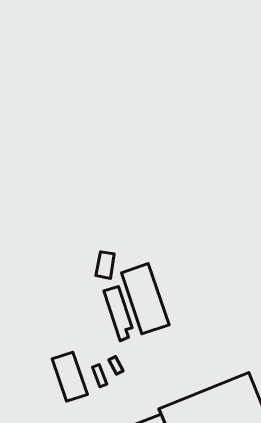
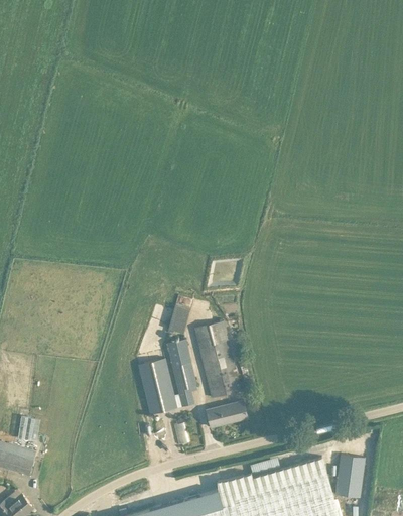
building: none -> [202,399,250,433]
building: [52,352,87,401] -> [138,365,173,419]

